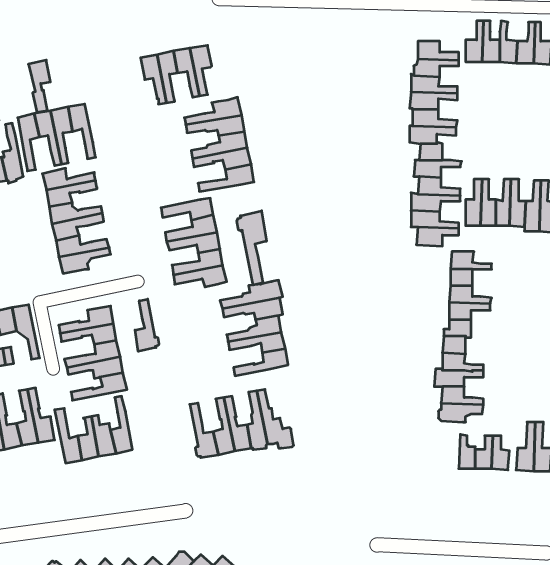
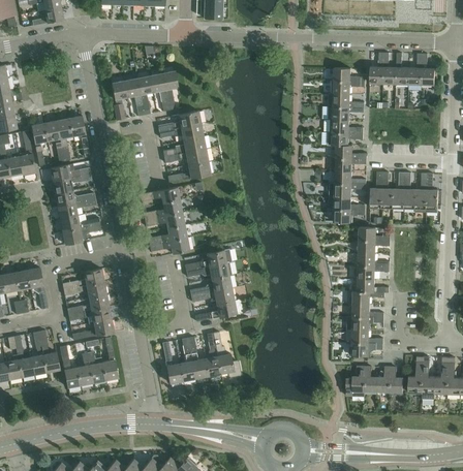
building: [28,60,50,112] -> [112,81,128,120]
building: [237,211,266,285] -> none
building: [135,299,159,351] -> none
building: none -> [347,366,367,397]

